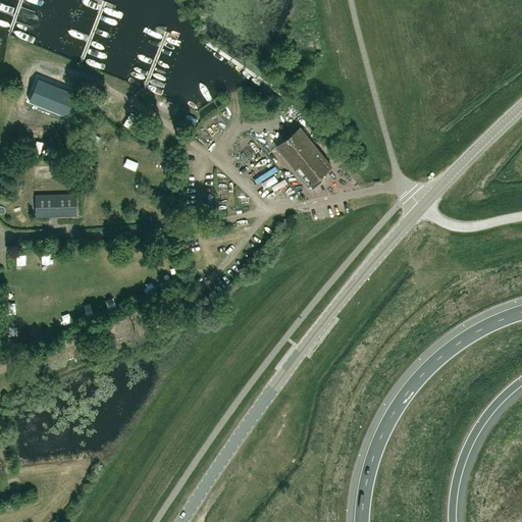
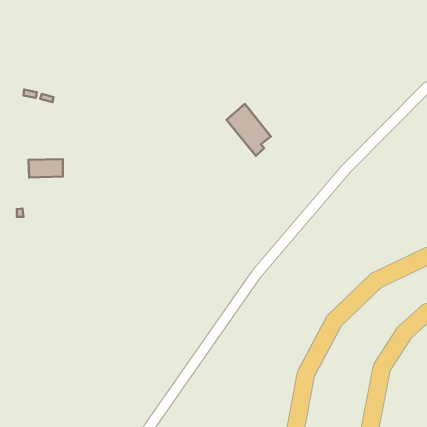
building: [30,75,77,115] -> none

